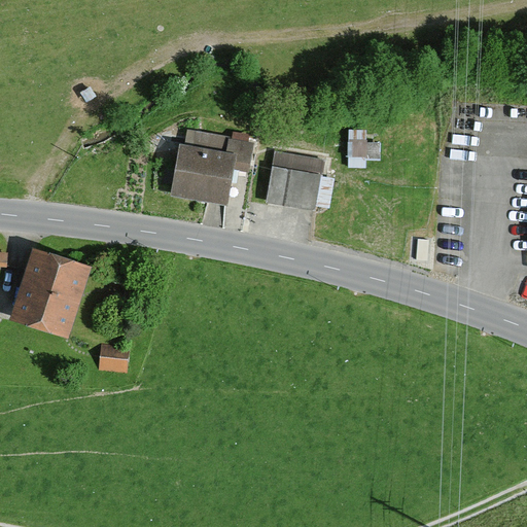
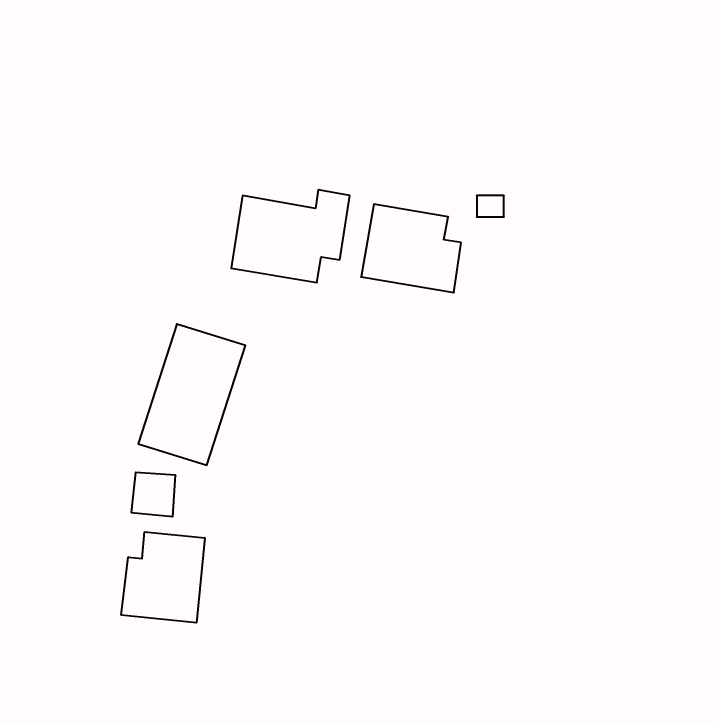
building: [16,235,94,337] -> [138,324,245,465]
building: none -> [121,532,205,623]

